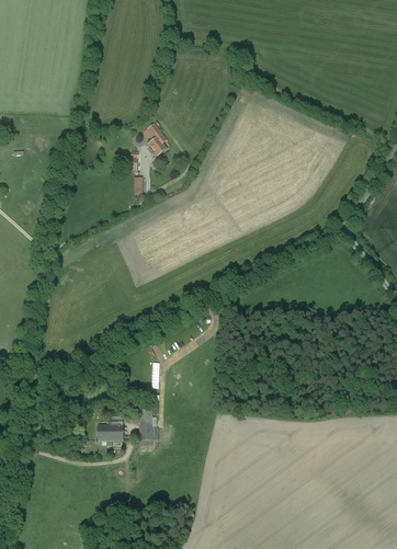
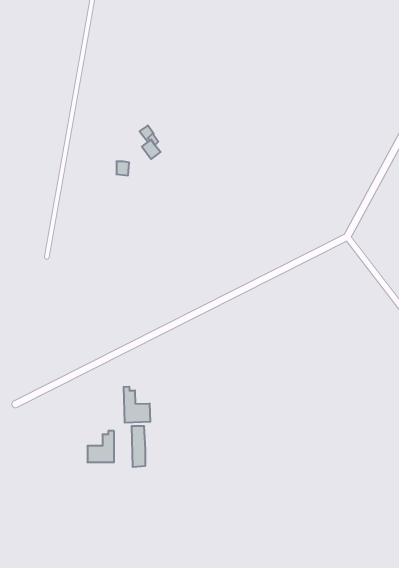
building: none -> [124,387,150,423]

